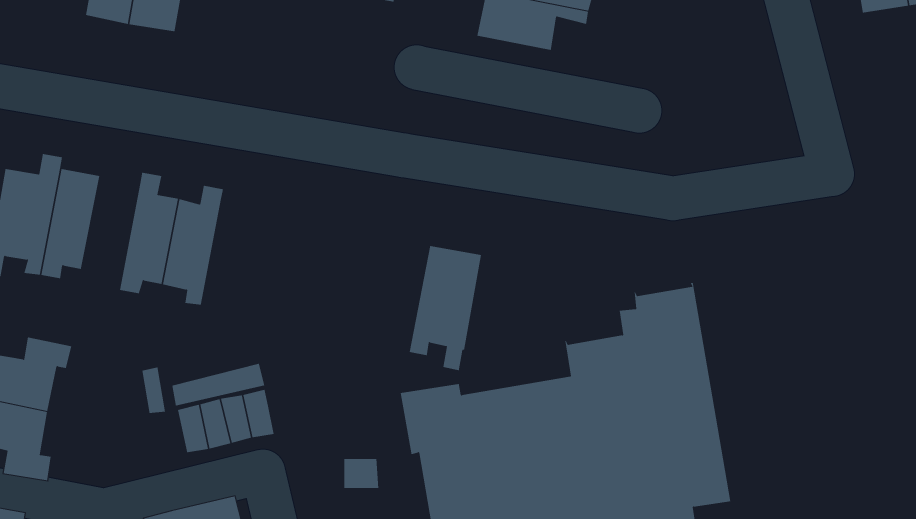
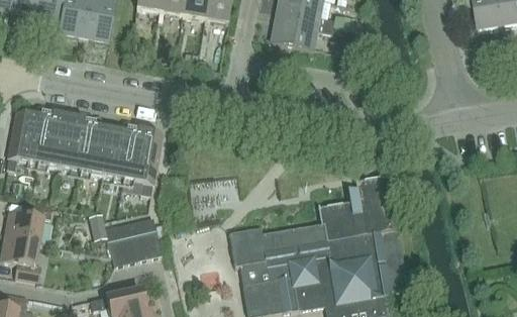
building: none -> [57,115,88,177]
building: [409,246,482,371] -> [121,127,161,195]

